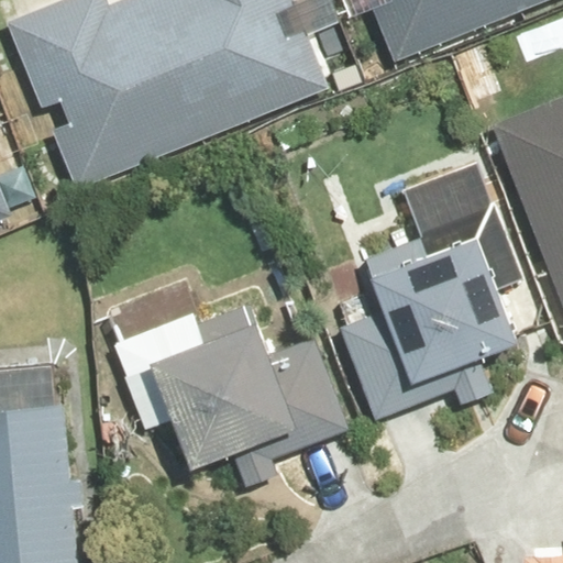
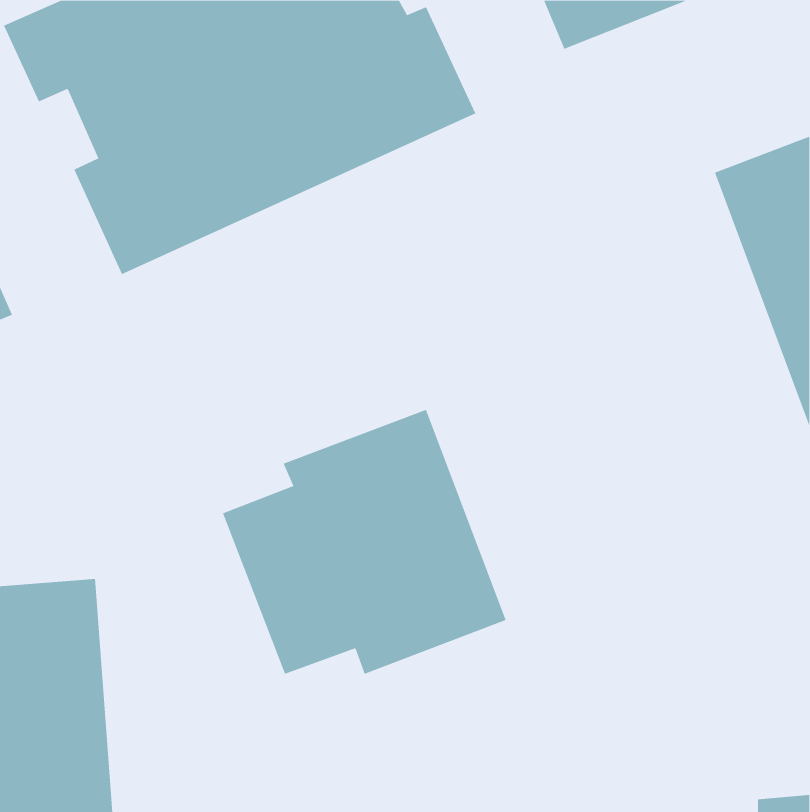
building: [332,196,525,419] -> none

